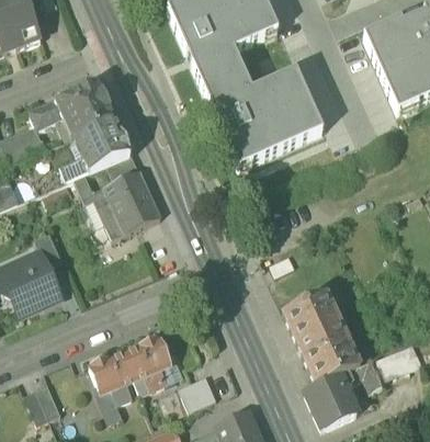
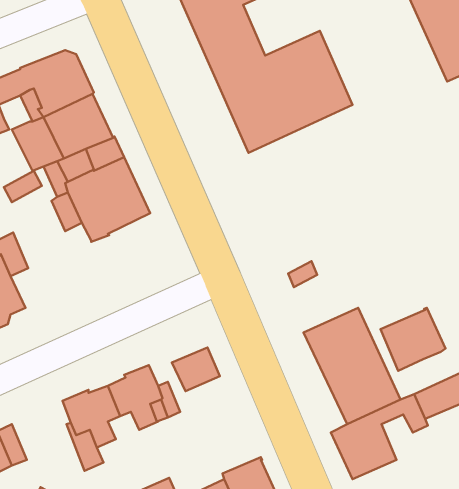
building: none -> [380,308,446,371]
building: [179,373,217,408] -> [172,347,220,391]

